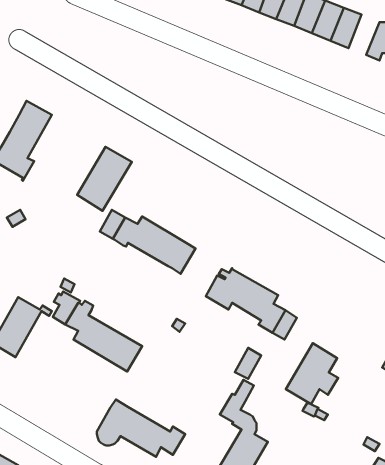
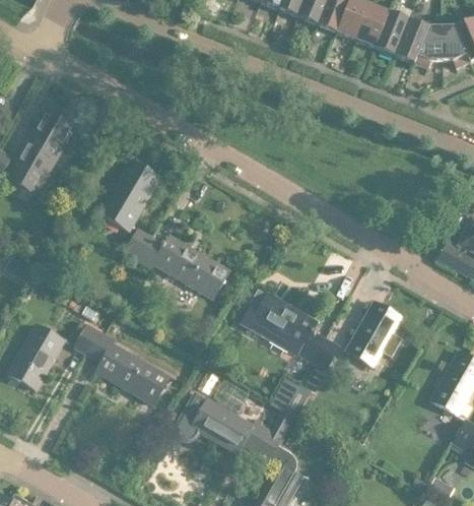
building: none -> [394,17,427,61]
building: [286,343,338,404] -> [345,300,402,366]
building: [97,399,185,457] -> [173,390,268,452]

